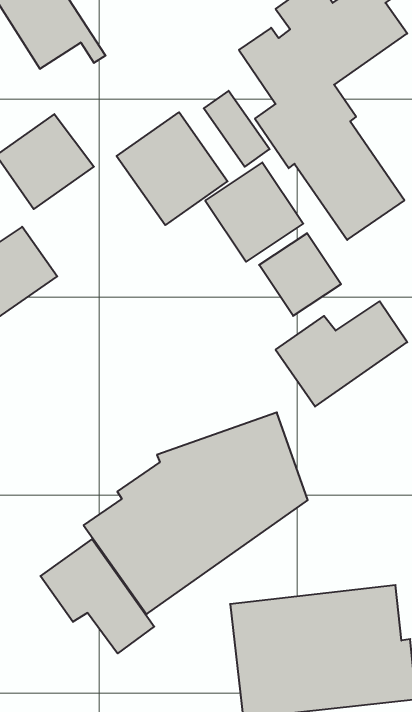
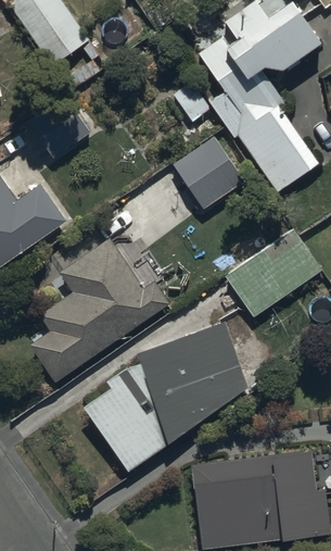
building: [117,112,228,225] -> none
building: [259,233,341,316] -> none
building: none -> [31,238,170,381]
building: [40,539,154,653] -> none

